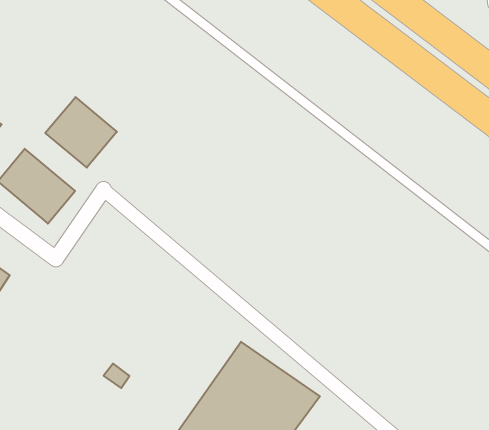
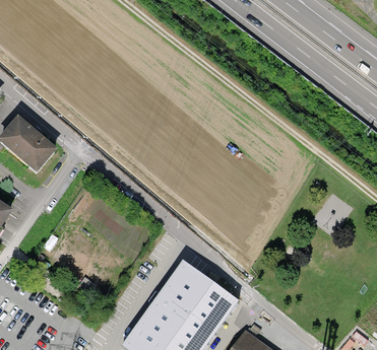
building: [45,97,117,168] -> none

